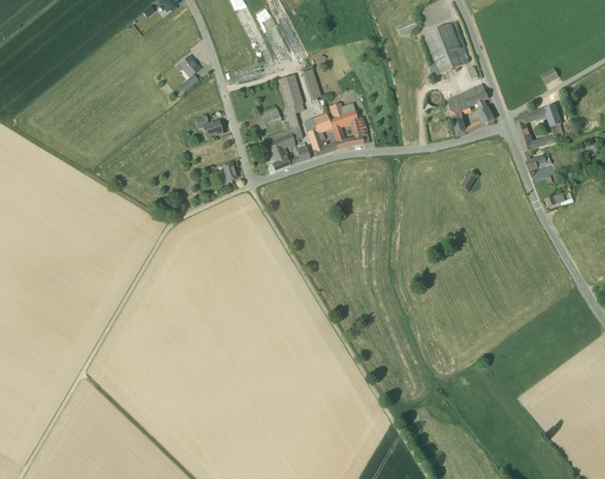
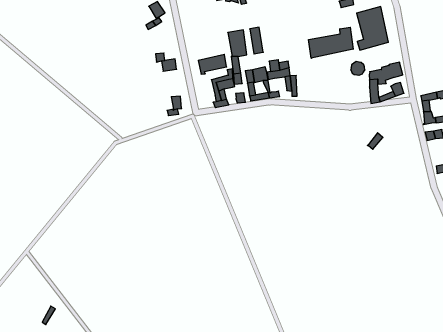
building: none -> [309,27,353,58]

